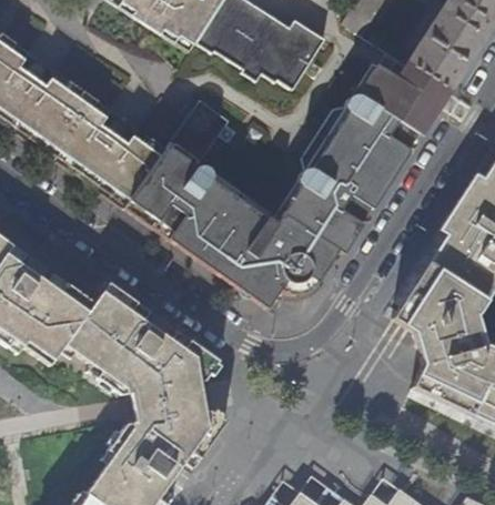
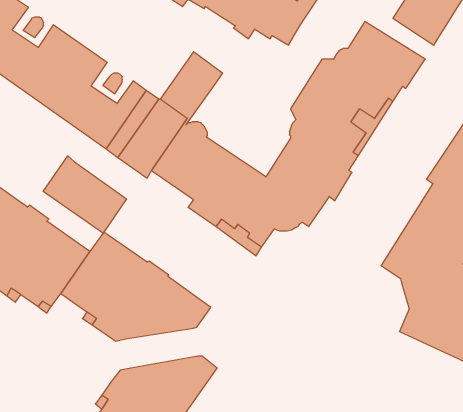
building: none -> [43,156,126,233]
building: [131,381,205,422] -> none

